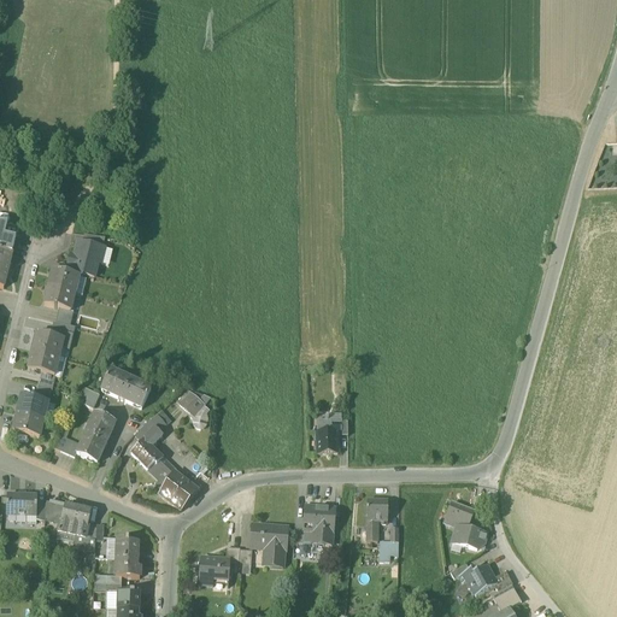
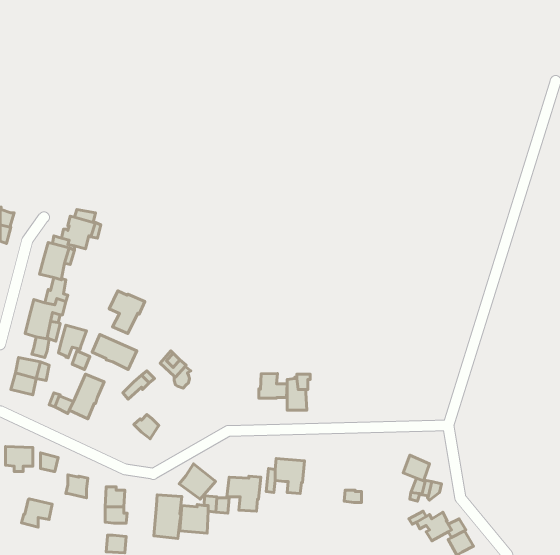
building: none -> [109,291,145,333]
building: none -> [58,325,86,358]
building: none -> [259,374,287,398]
building: [130,425,161,466] -> none
building: [158,469,198,507] -> [179,464,215,499]
building: [365,498,387,539] -> none
building: [57,501,90,533] -> [22,499,52,527]
building: none -> [154,495,182,539]

